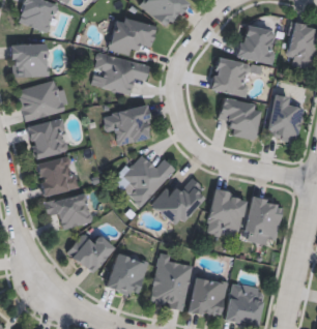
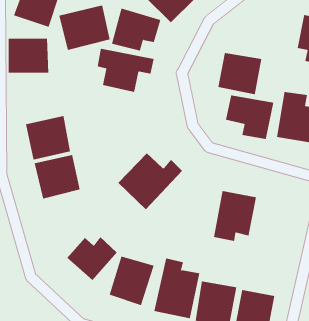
building: [235,24,279,65] -> none
building: [15,80,64,123] -> [58,5,111,50]
building: [103,106,153,146] -> none
building: [150,176,204,229] -> none
building: [42,192,92,231] -> none
building: [242,198,283,245] -> none

